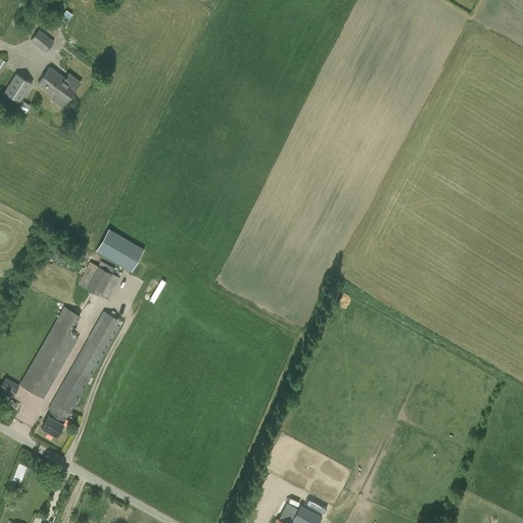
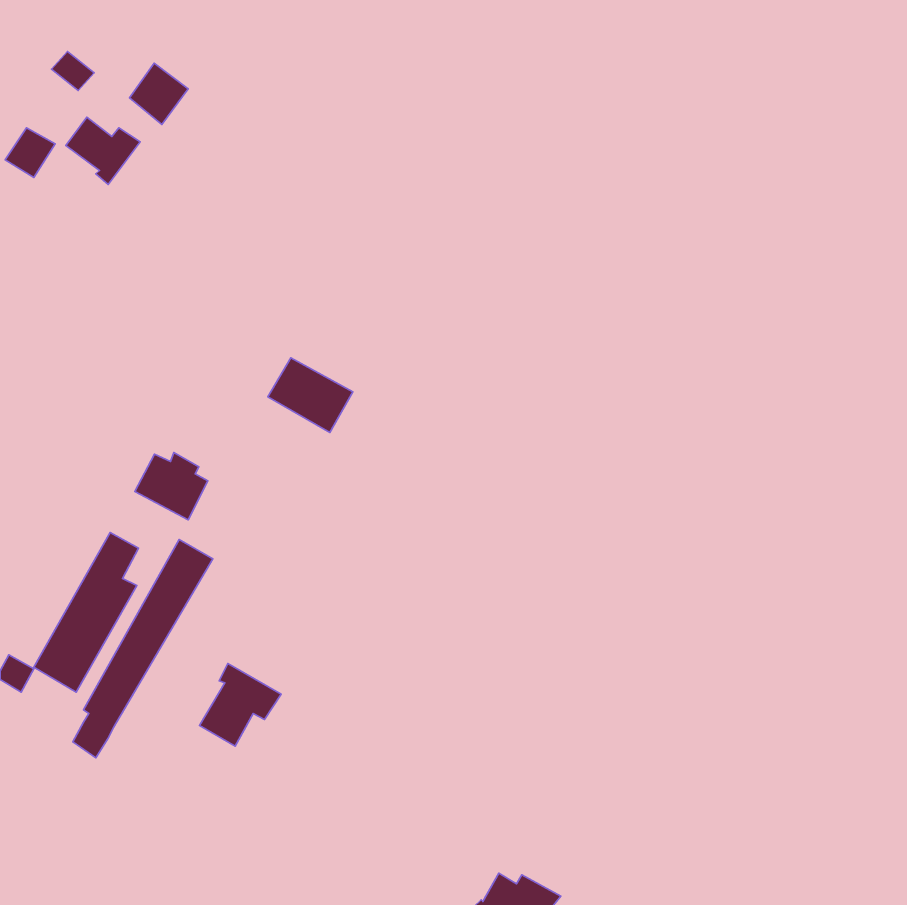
building: none -> [129,63,188,124]
building: [95,230,144,273] -> [268,358,353,432]
building: none -> [200,663,281,746]

